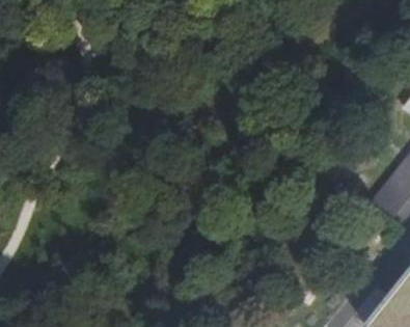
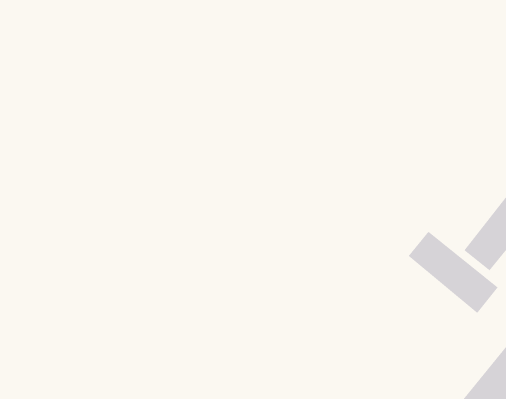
building: none -> [408,231,499,314]

